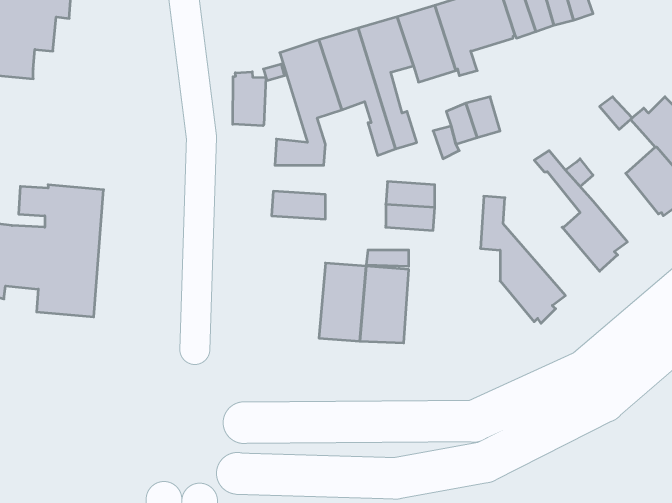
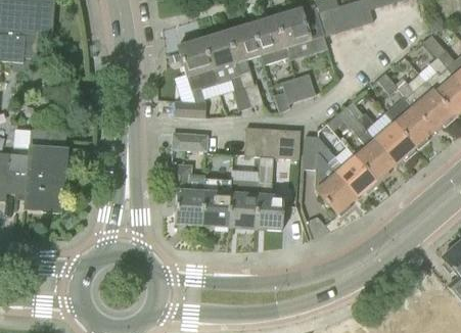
building: [233,72,266,126] -> none
building: none -> [374,122,416,164]
building: none -> [274,129,301,158]
building: none -> [318,137,378,198]
building: none -> [170,165,206,225]
building: none -> [256,182,284,230]

